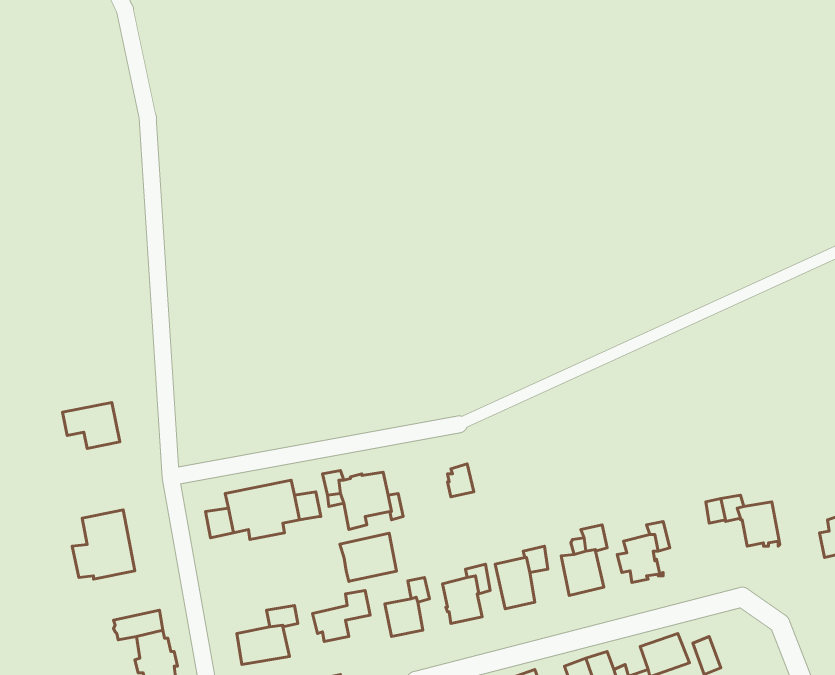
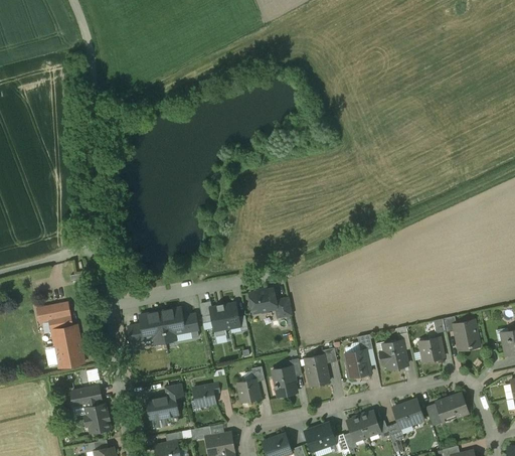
building: [62,402,120,449] -> [36,302,71,330]
building: none -> [248,289,276,312]
building: none -> [418,337,443,361]
building: [340,533,397,582] -> none
building: none -> [435,393,468,422]

